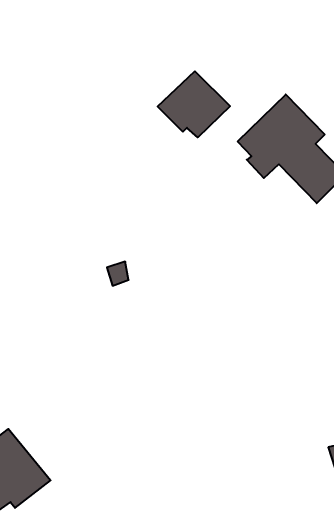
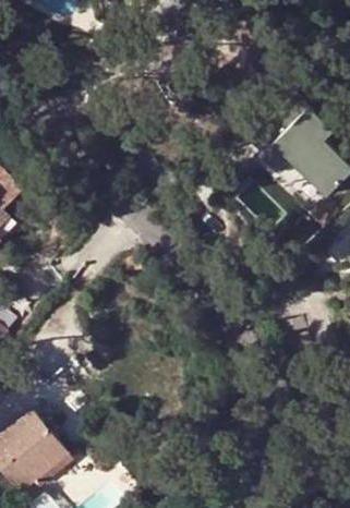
building: [158,71,230,137] -> none

